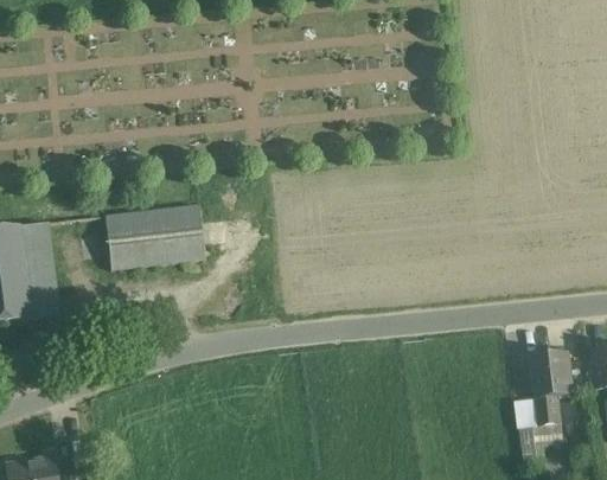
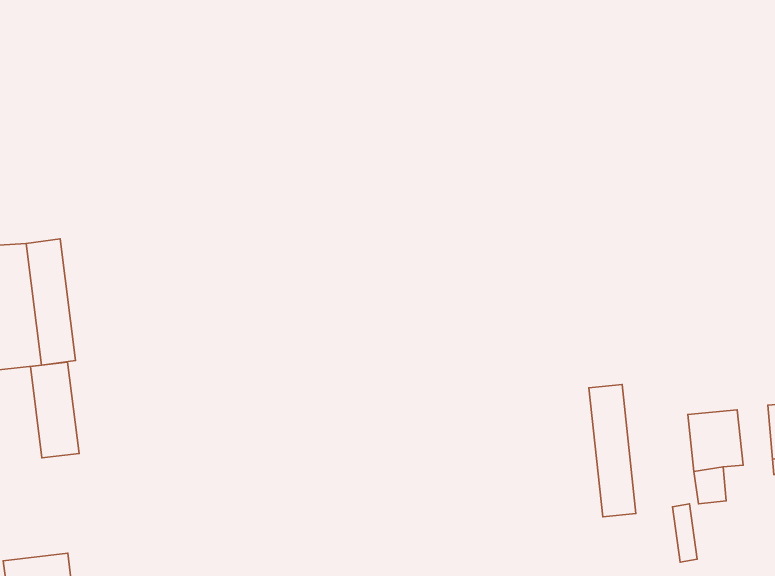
building: [104,204,204,268] -> none
building: none -> [30,362,79,458]
building: none -> [589,384,636,517]

